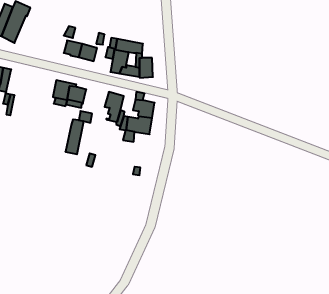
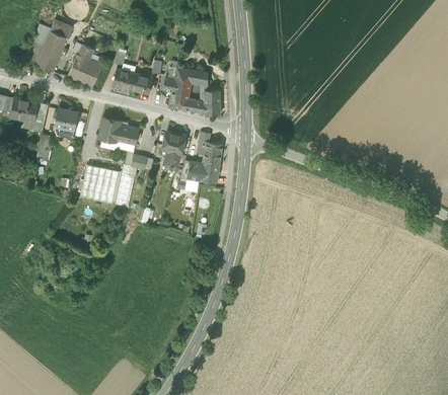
building: none -> [66,44,101,87]
building: none -> [54,107,78,130]
building: none -> [79,164,121,204]

